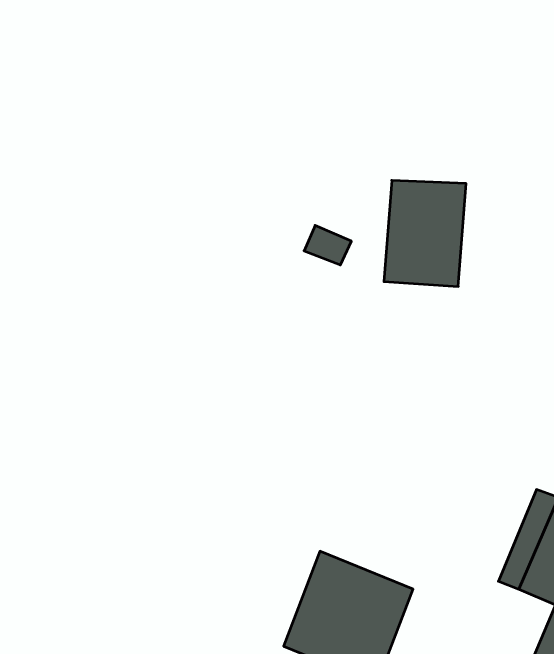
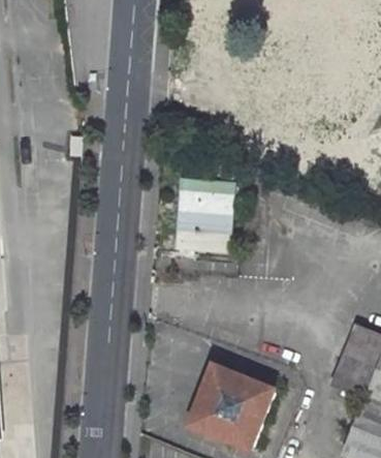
building: [384,180,466,286] -> [177,182,230,251]

